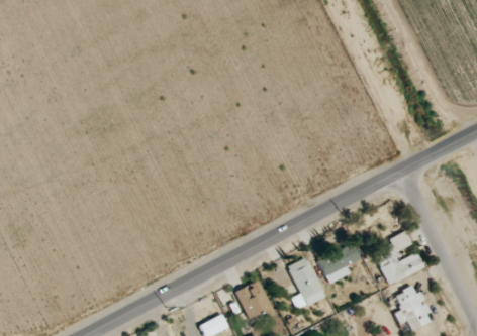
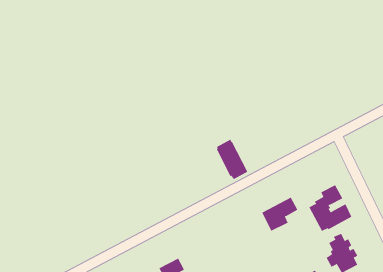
building: [288,257,325,305] -> [216,139,248,180]
building: [234,279,275,319] -> none

